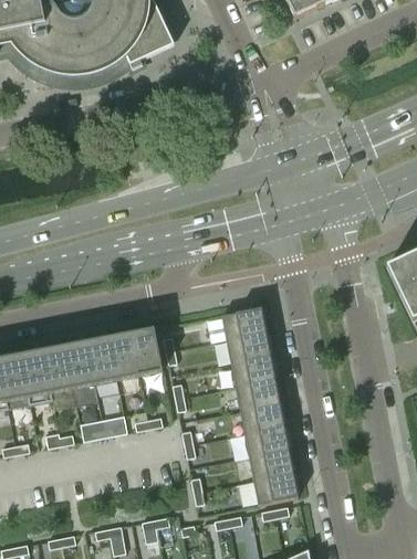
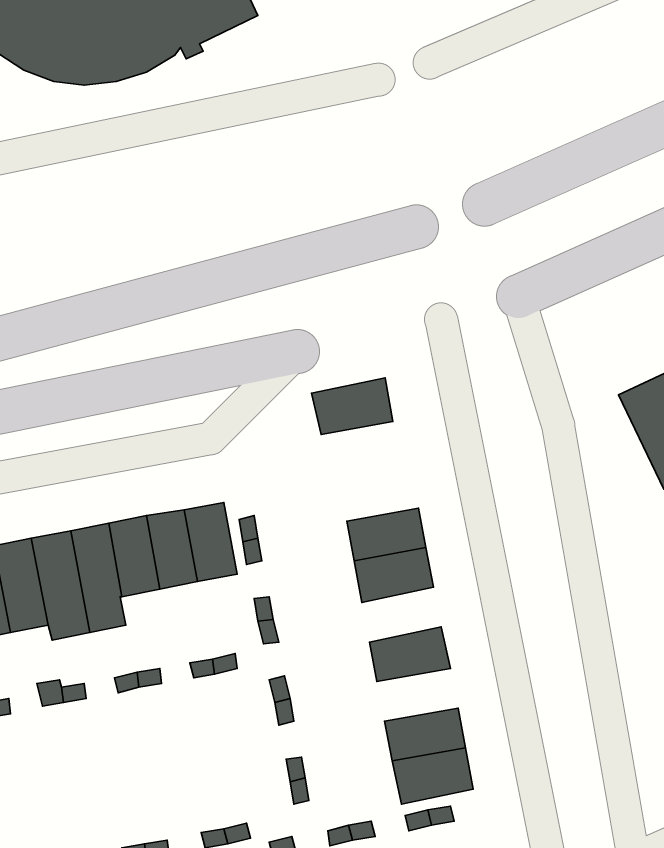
building: [220,306,268,339] -> [312,378,393,435]
building: [234,378,281,410] -> none
building: [243,425,291,456] -> none

